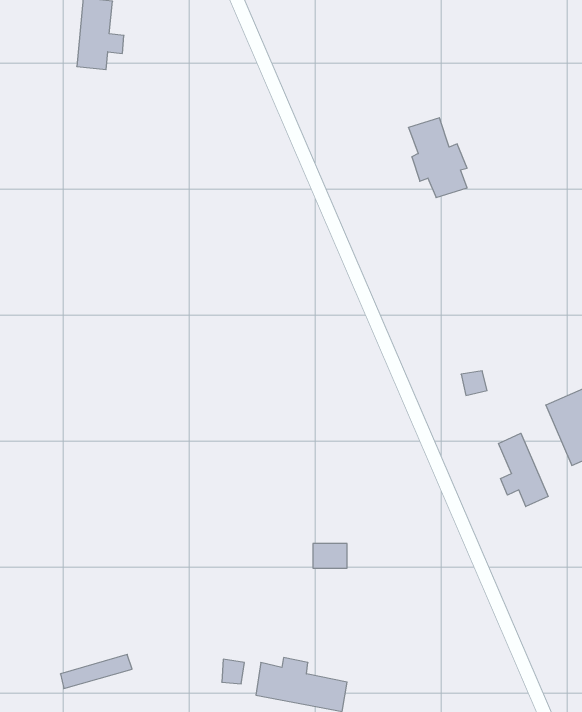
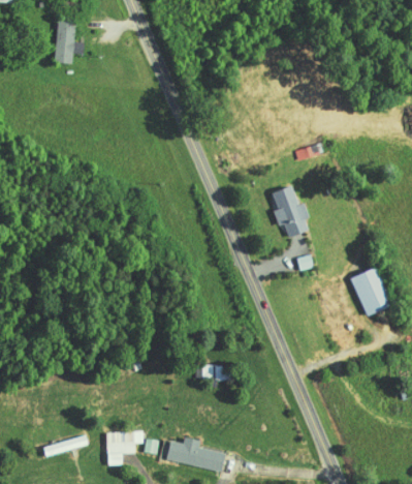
building: [408,118,467,198] -> [272,186,309,237]
building: [499,433,548,507] -> none
building: none -> [107,431,145,465]

